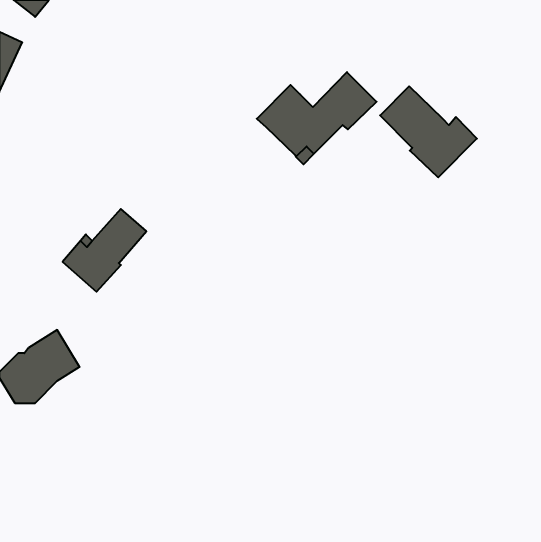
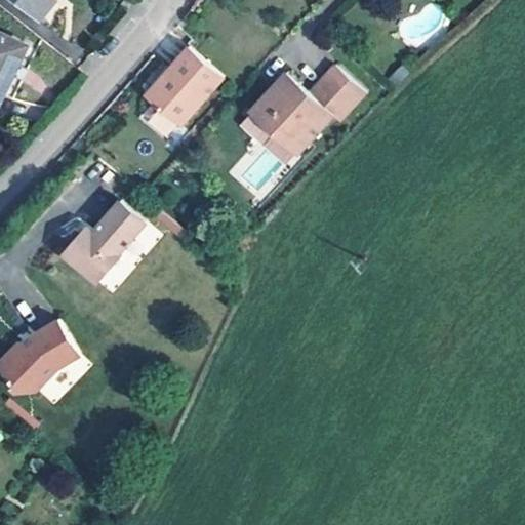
building: none -> [145,47,223,125]
building: [380,86,477,177] -> none

